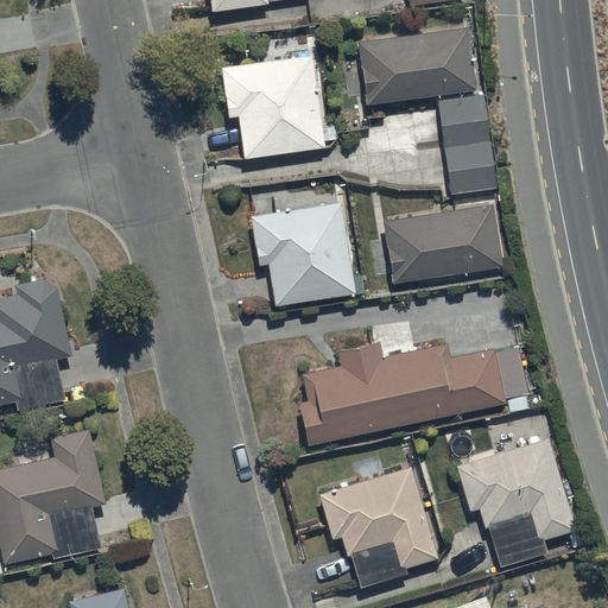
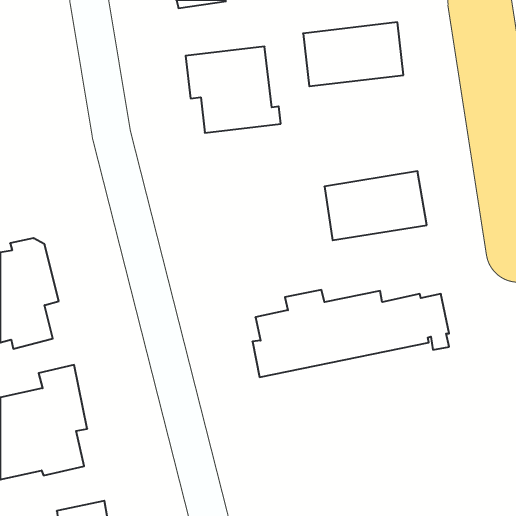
building: [437,94,496,195] -> none
building: [251,202,354,306] -> none
building: [455,439,574,568] -> none
building: [318,468,437,587] -> none

